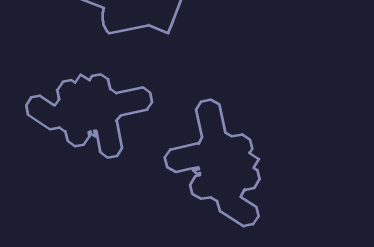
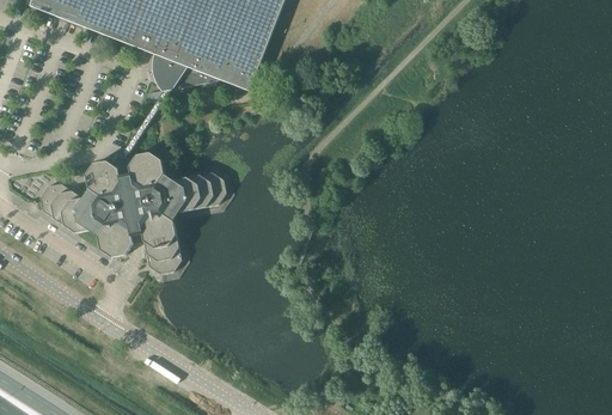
building: [165,100,260,226] -> none

